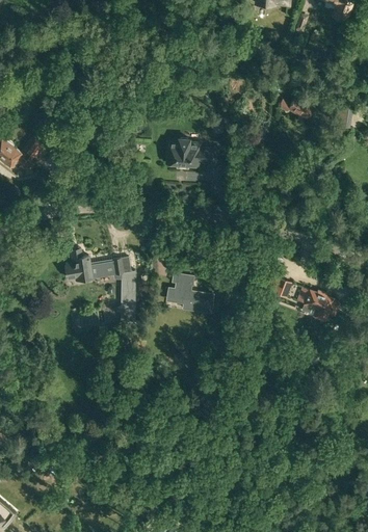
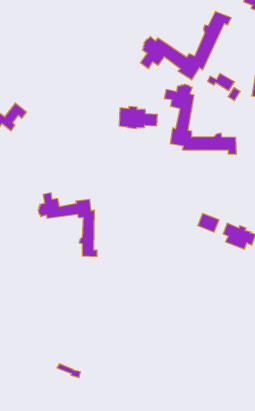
building: none -> [140,11,231,80]
building: none -> [164,84,236,154]
building: [167,275,214,312] -> none

